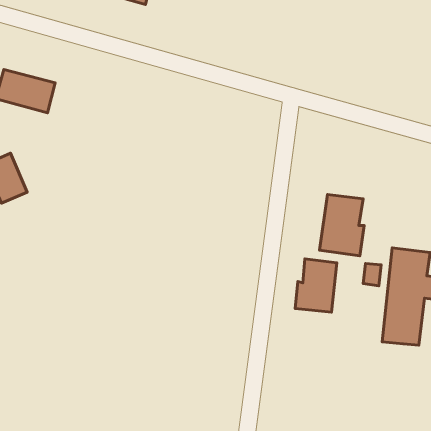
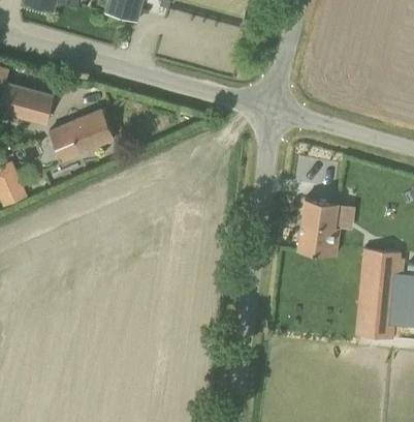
building: none -> [47,109,115,161]
building: [295,259,337,312] -> none

